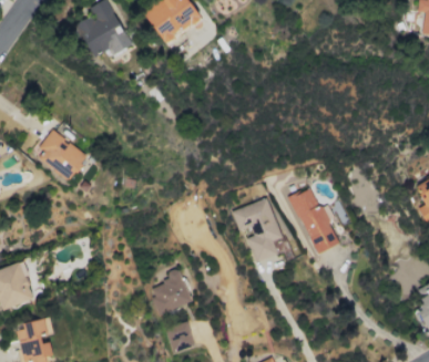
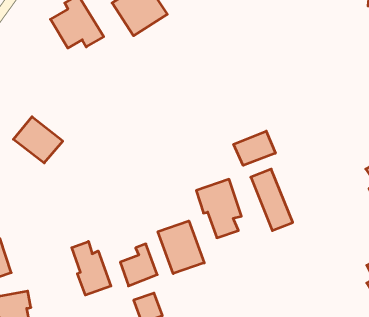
building: none -> [234,131,275,165]
building: none -> [158,221,204,274]
building: none -> [72,241,111,295]

